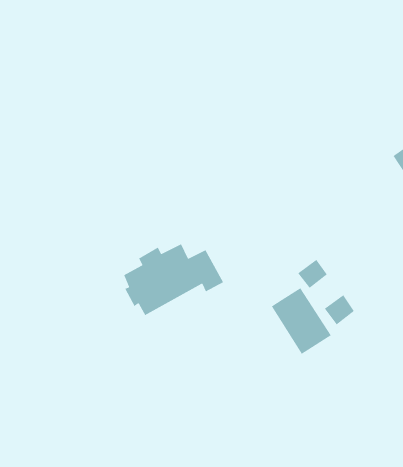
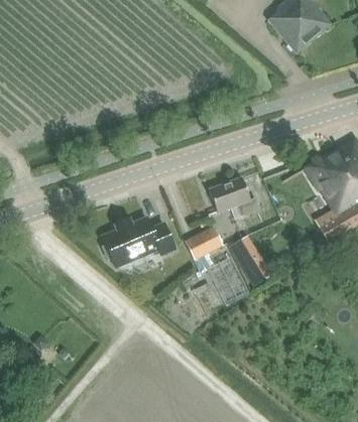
building: none -> [210,176,260,215]
building: none -> [186,226,223,259]

